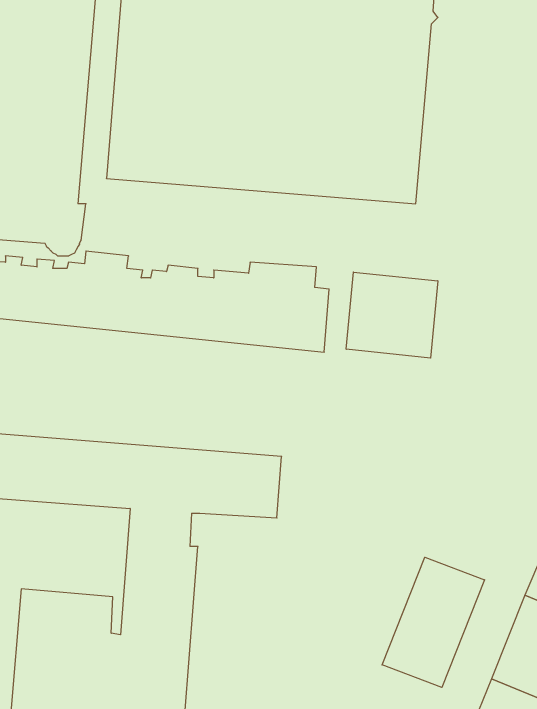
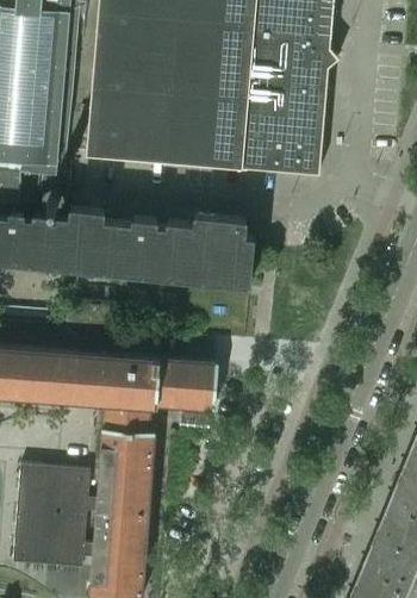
building: [346,272,438,358] -> none
building: [382,557,485,687] -> none

